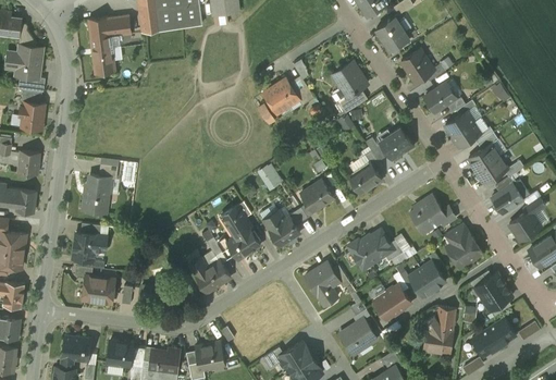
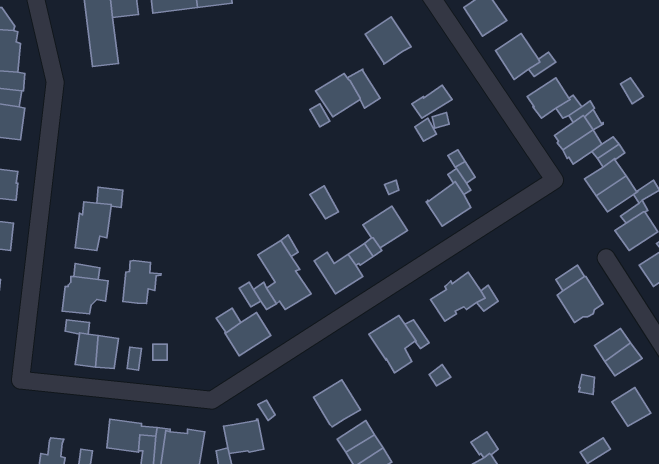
building: [331,62,366,98] -> [365,17,411,64]
building: [380,127,412,161] -> none
building: [409,195,455,234] -> none
building: none -> [123,260,161,304]
building: [408,261,445,297] -> none
building: [372,284,410,320] -> none
building: [423,307,455,353] -> none
building: none -> [314,380,360,427]
building: [341,319,376,354] -> none
building: [471,328,499,357] -> none
building: [62,335,90,360] -> none

